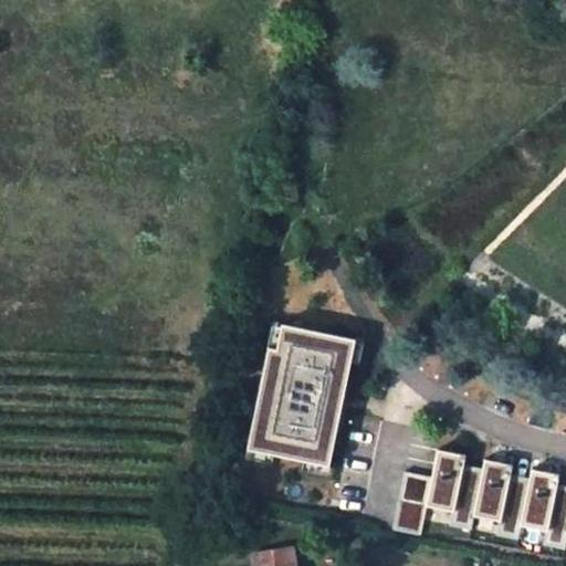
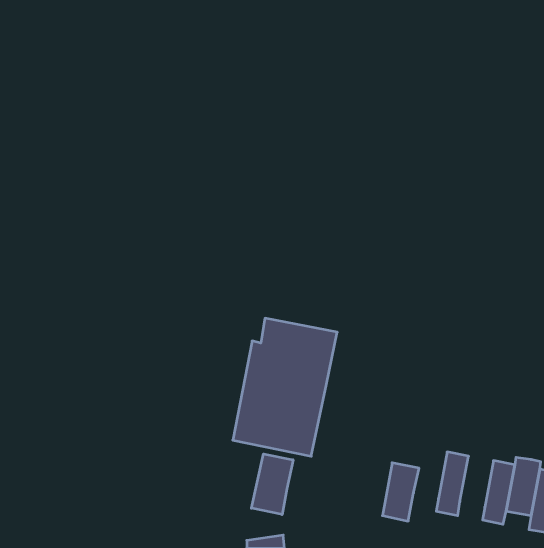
building: [431,451,468,511] -> none
building: [479,460,514,520] -> none
building: none -> [251,454,293,515]

